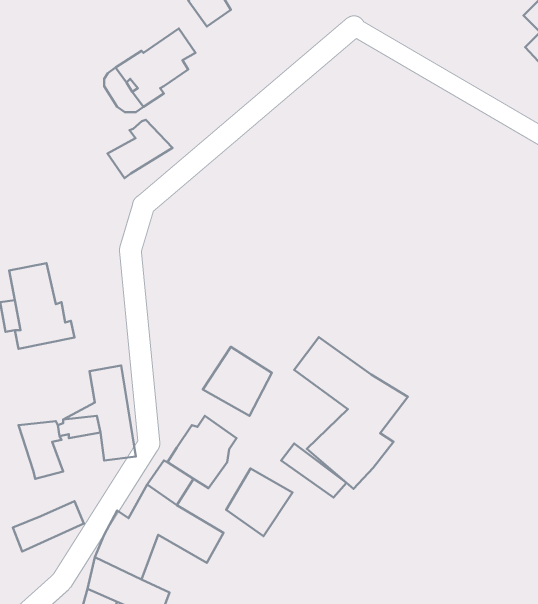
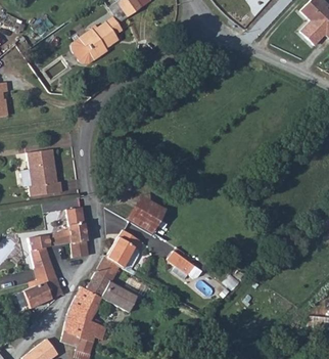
building: [107,120,173,178] -> none
building: [294,337,408,489] -> none
building: [226,469,293,536] -> none
building: none -> [27,263,55,287]

